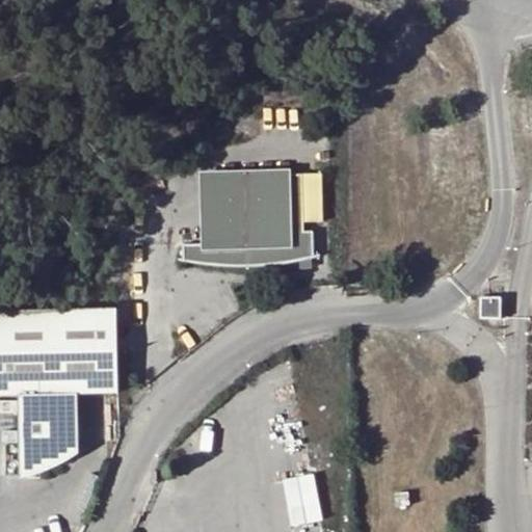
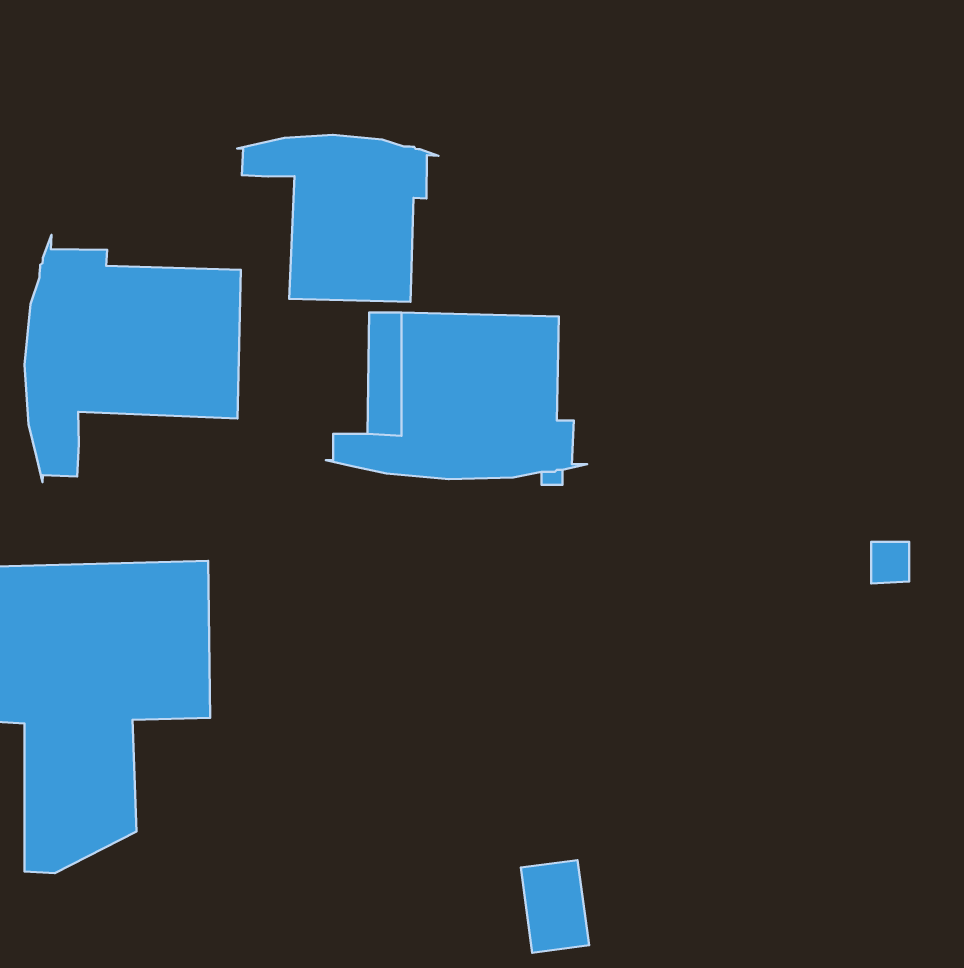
building: none -> [237,135,439,302]
building: none -> [25,235,241,482]

